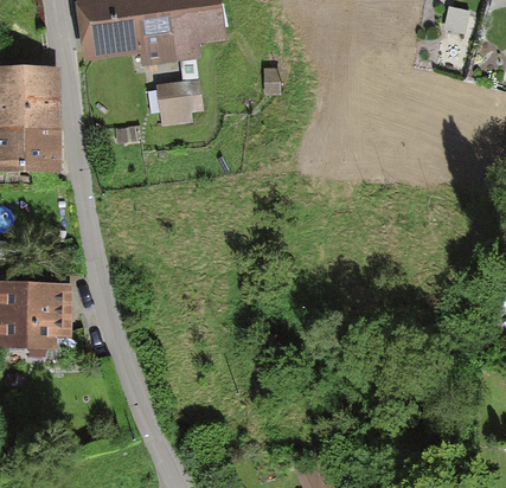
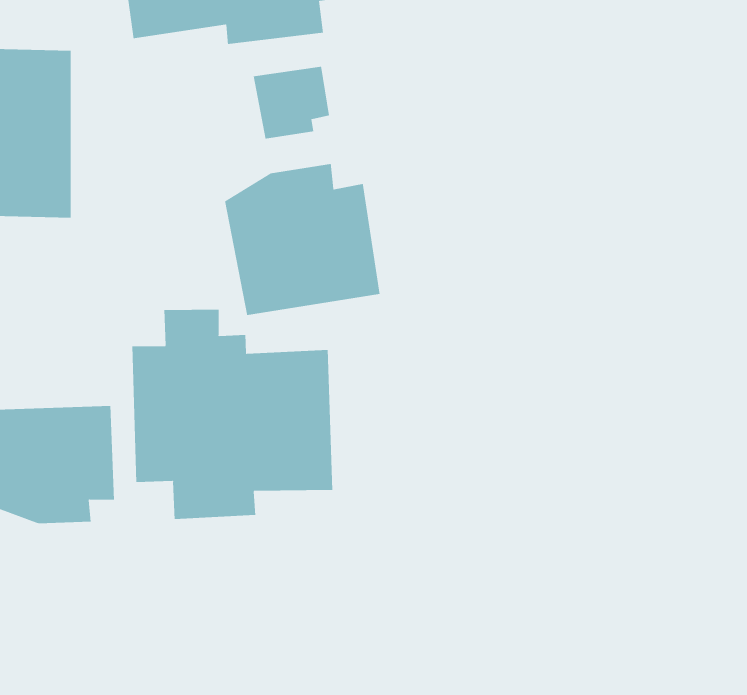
building: none -> [224,163,380,316]
building: none -> [132,309,333,520]

